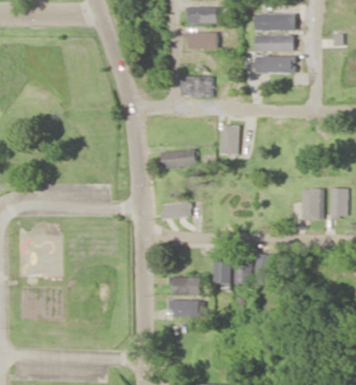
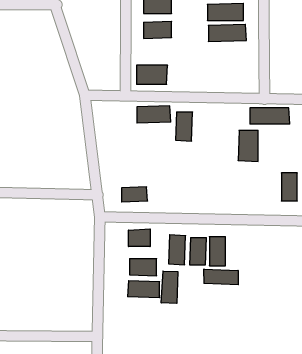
building: [253,56,294,72] -> [250,108,290,124]
building: [160,150,195,167] -> [137,106,171,123]
building: [299,188,320,220] -> [238,130,258,161]
building: none -> [129,229,150,247]
building: none -> [204,269,238,285]
building: none -> [161,271,178,303]

